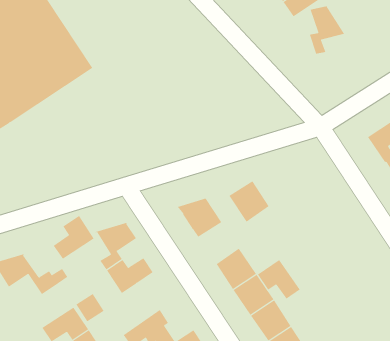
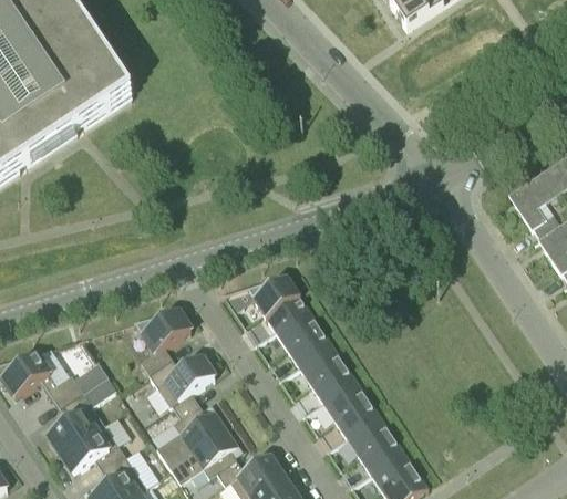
building: [309,5,346,55] -> none
building: [229,180,270,222] -> [276,310,332,367]
building: [53,215,95,259] -> [48,394,105,455]
building: [257,259,301,299] -> none
building: none -> [161,394,224,465]

